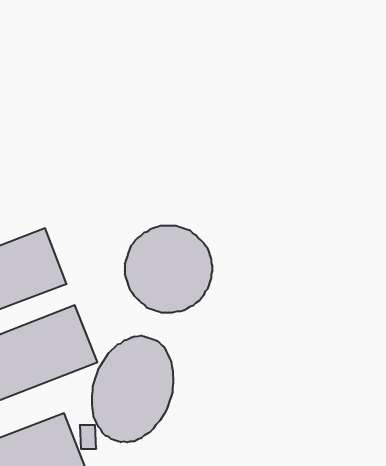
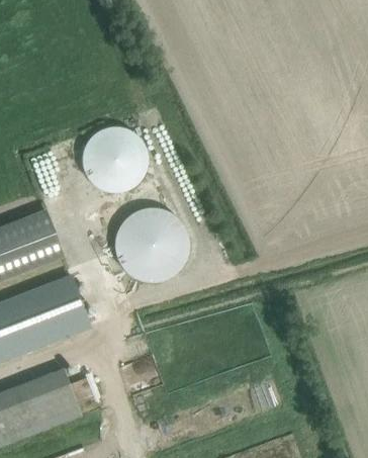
building: none -> [82,128,148,194]
building: [92,335,173,442] -> none

